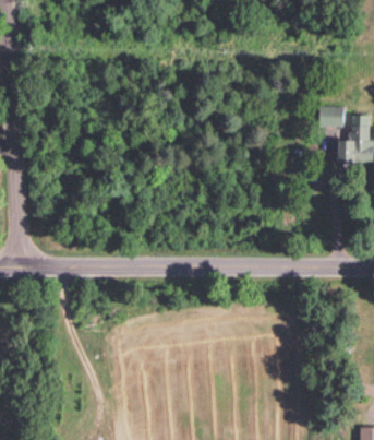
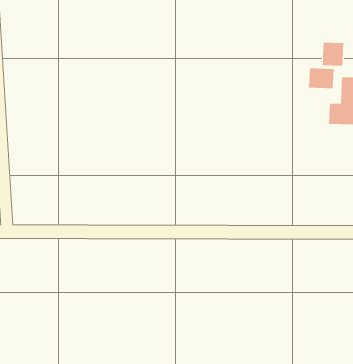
building: none -> [322,42,344,67]

